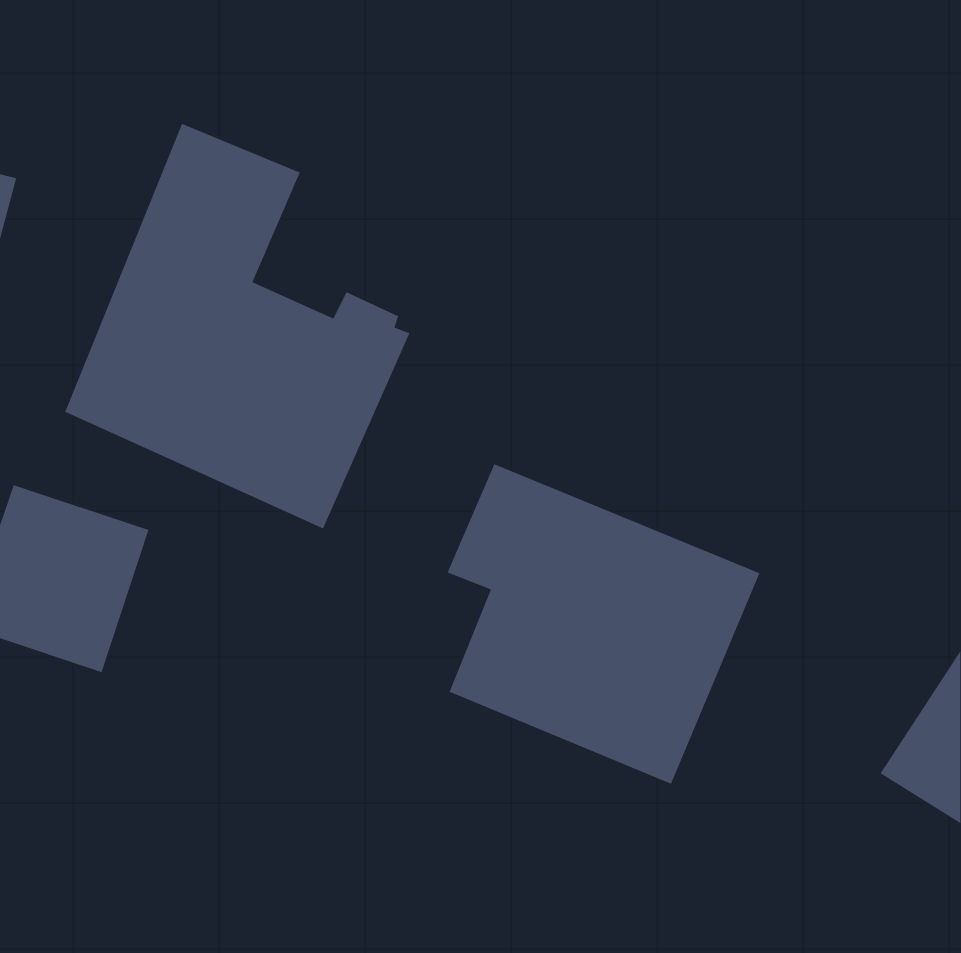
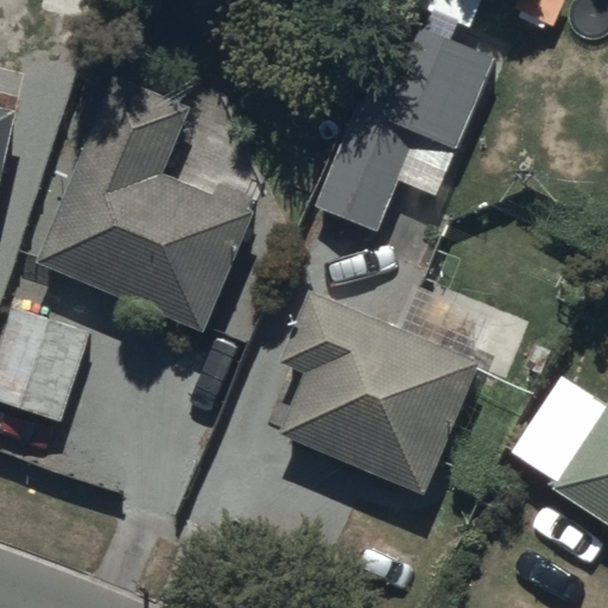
building: none -> [314,20,493,230]

